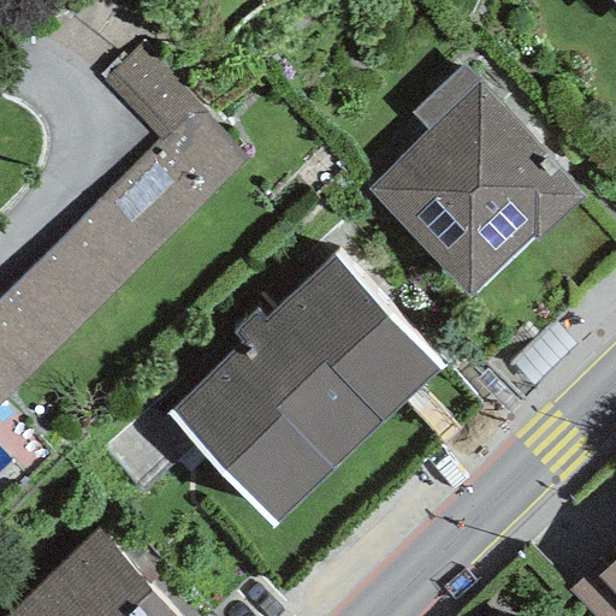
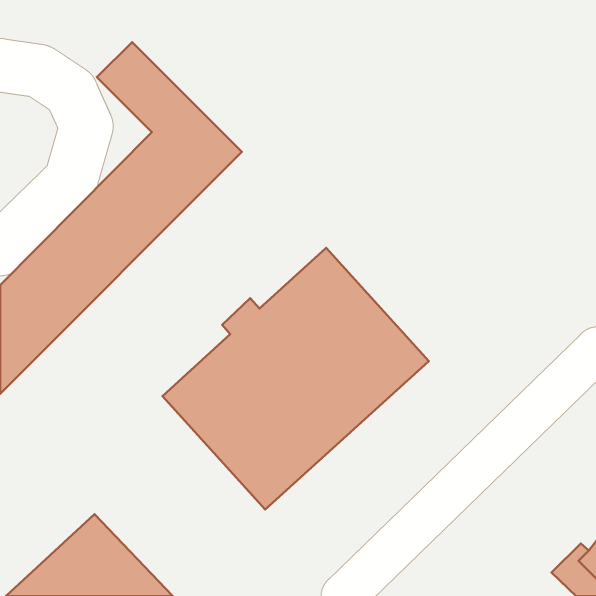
building: [367,64,584,298] -> none

